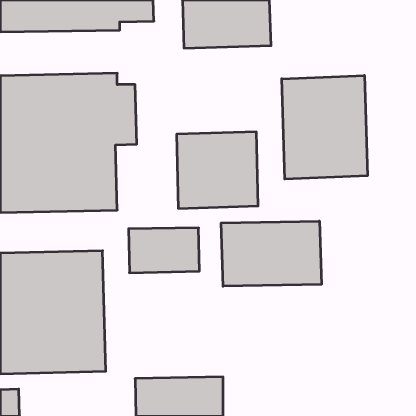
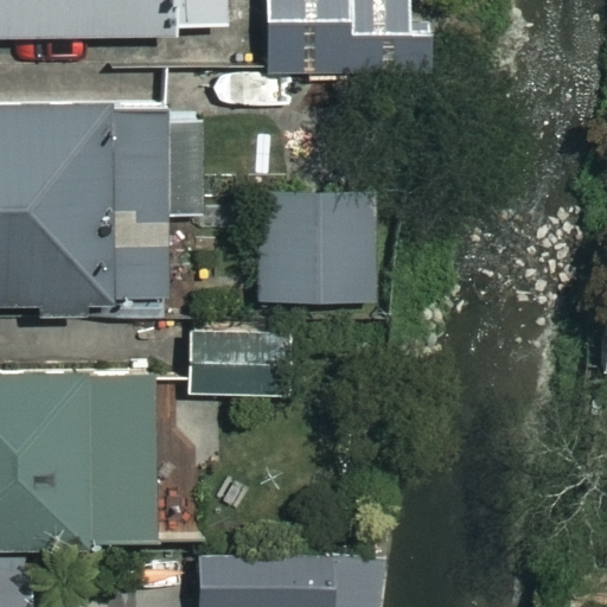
building: [282,75,367,179] -> none
building: [221,221,321,286] -> none

